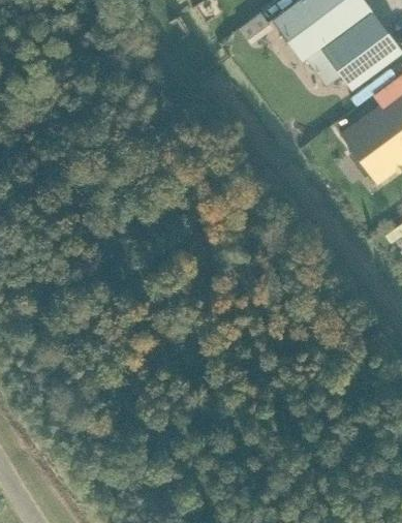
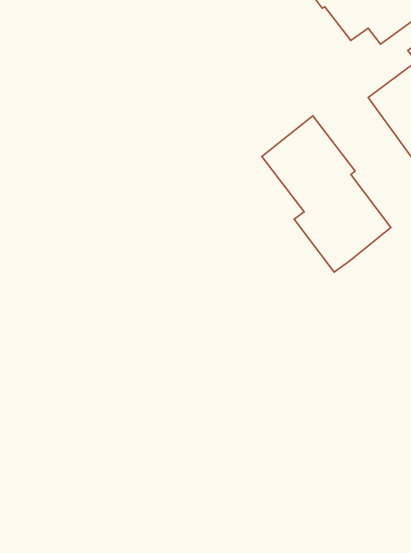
building: none -> [262,116,391,272]

